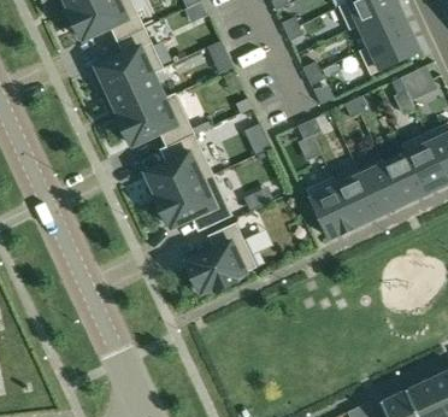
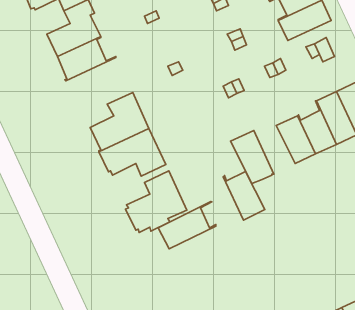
building: [118,94,194,147] -> none
building: [331,171,378,227] -> [223,171,265,220]
building: none -> [158,201,216,249]

